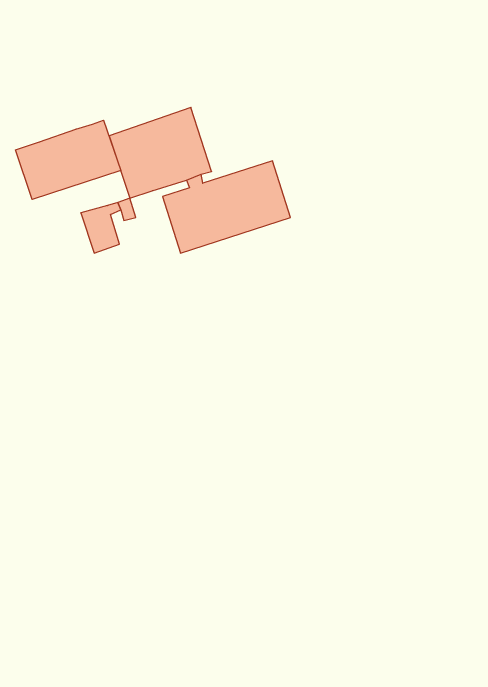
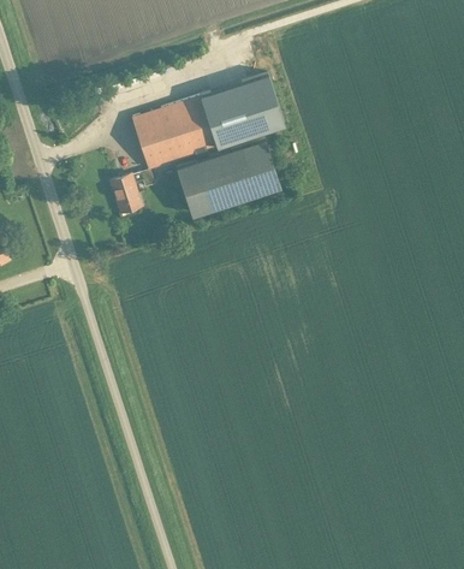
building: none -> [198,75,284,148]
building: [16,120,121,199] -> none

